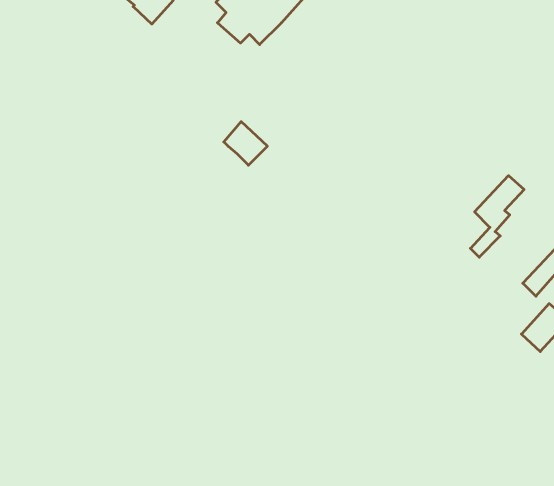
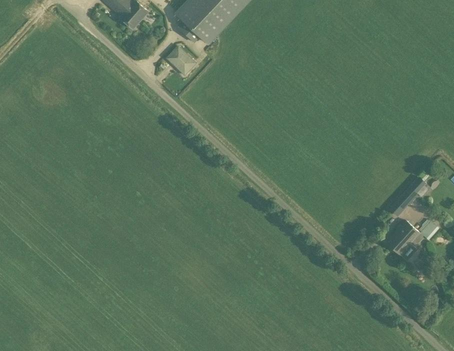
building: [224,122,267,165] -> [165,44,195,74]
building: [470,176,524,257] -> none

